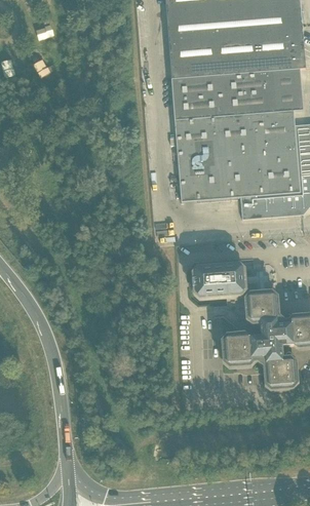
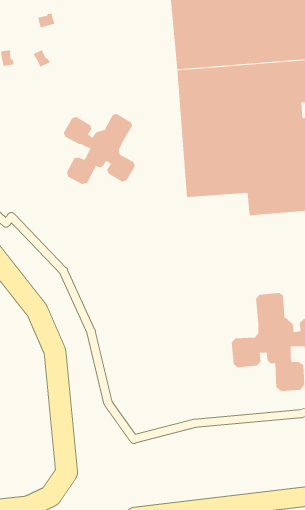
building: none -> [63,113,136,185]
building: [194,264,244,296] -> none

